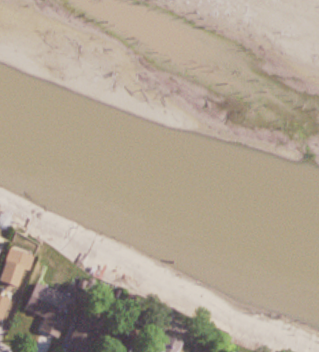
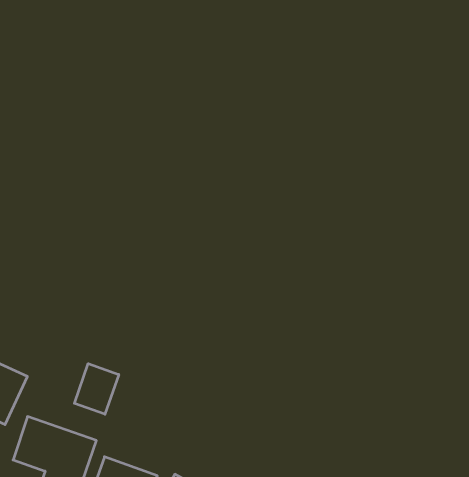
building: none -> [74,364,119,414]

